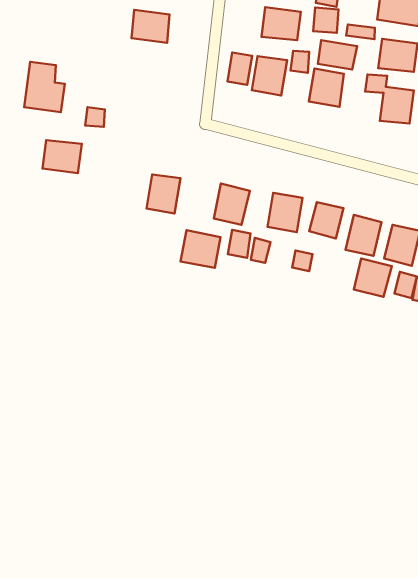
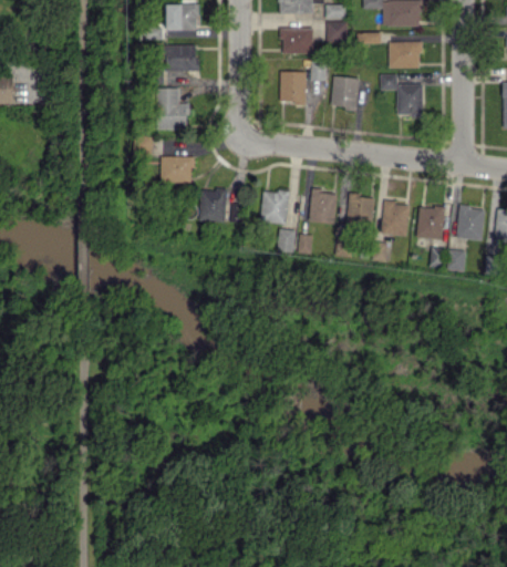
building: [318,40,357,69] -> none
building: [227,52,252,85] -> none
building: [24,62,65,112] -> [155,89,188,130]
building: [42,140,82,173] -> [161,156,193,183]
building: [181,230,220,268] -> none
building: [354,259,392,297] -> none

